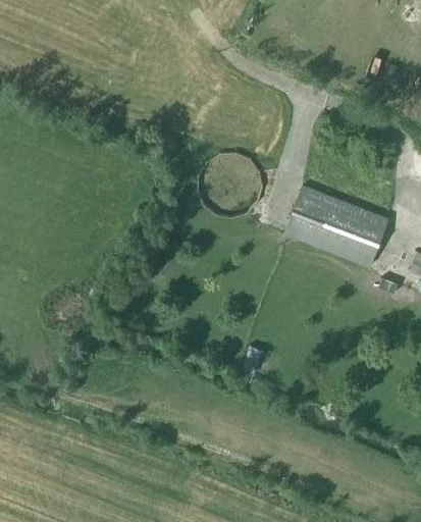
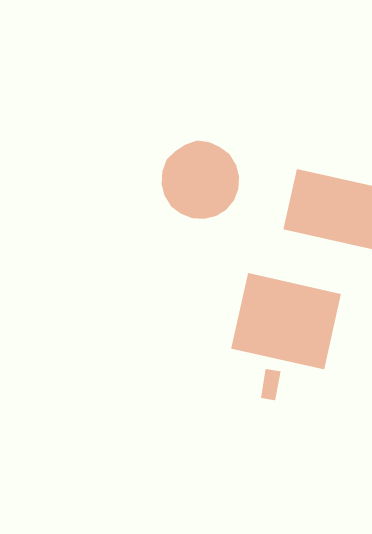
building: none -> [231,272,342,370]

